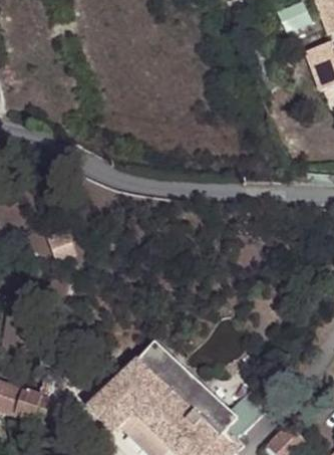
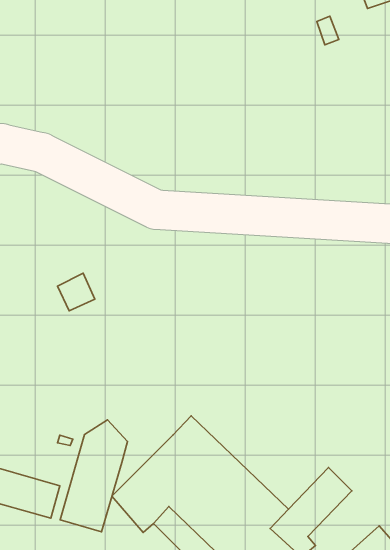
building: none -> [60,420,127,532]

